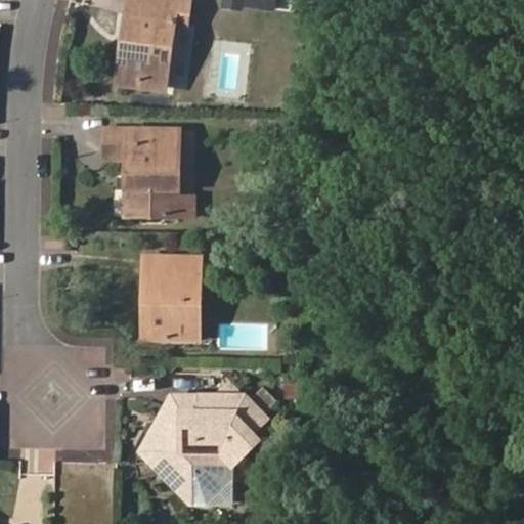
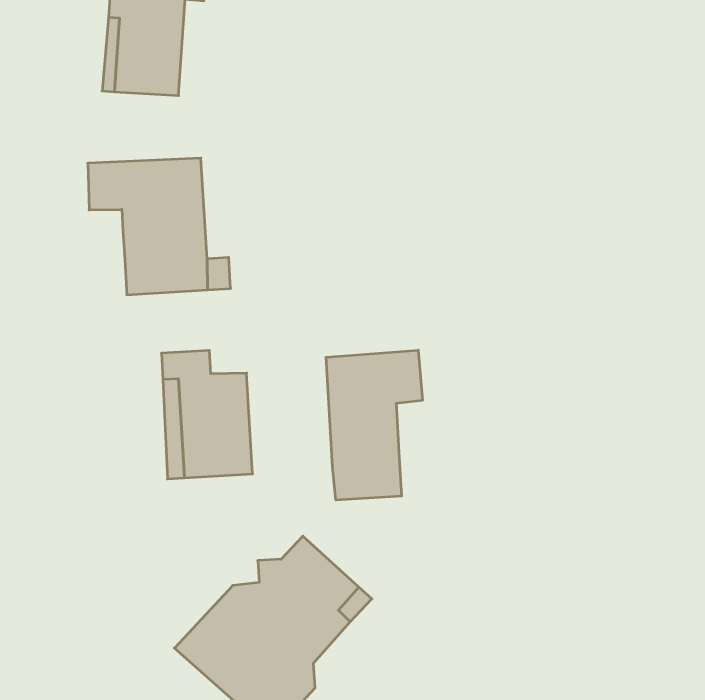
building: none -> [326,350,422,500]
building: [141,395,200,450] -> none

